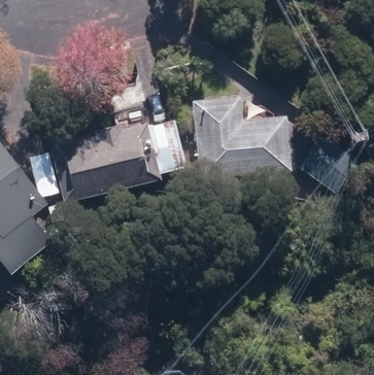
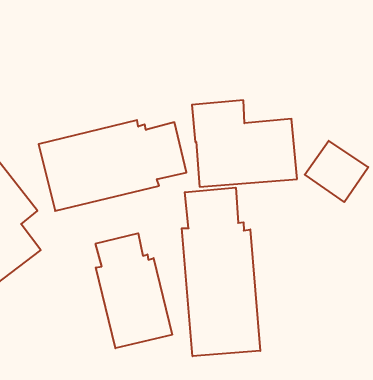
building: none -> [182,188,260,356]
building: none -> [96,233,172,348]

